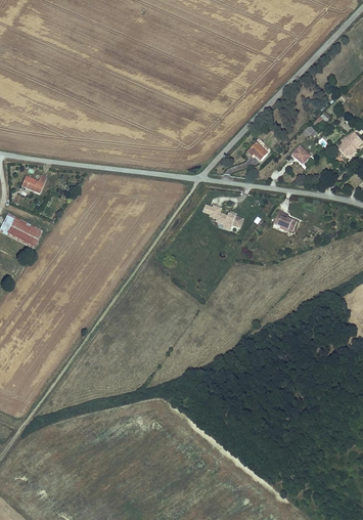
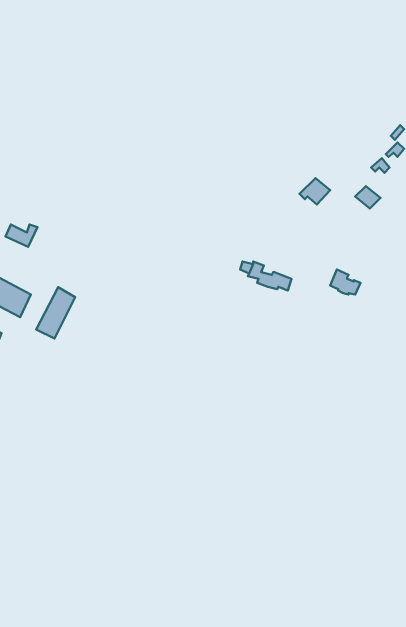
building: none -> [36,287,75,339]

